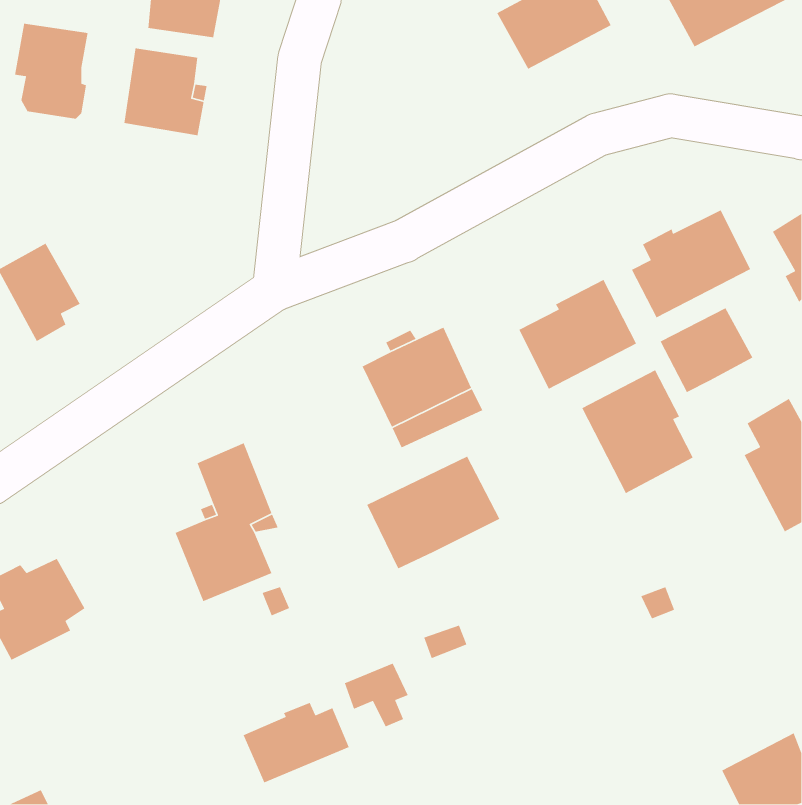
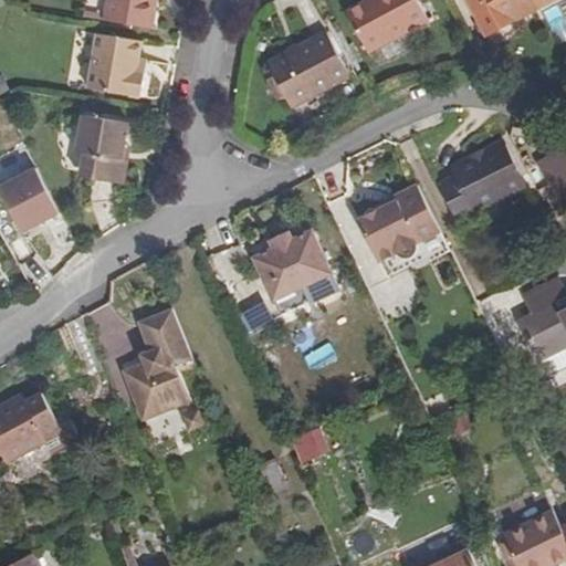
building: [14,23,89,120] -> [74,115,126,182]
building: none -> [266,31,348,105]
building: [660,307,754,393] -> none
building: [581,369,694,494] -> none
building: [366,456,500,569] -> none
building: [242,702,350,784] -> none

